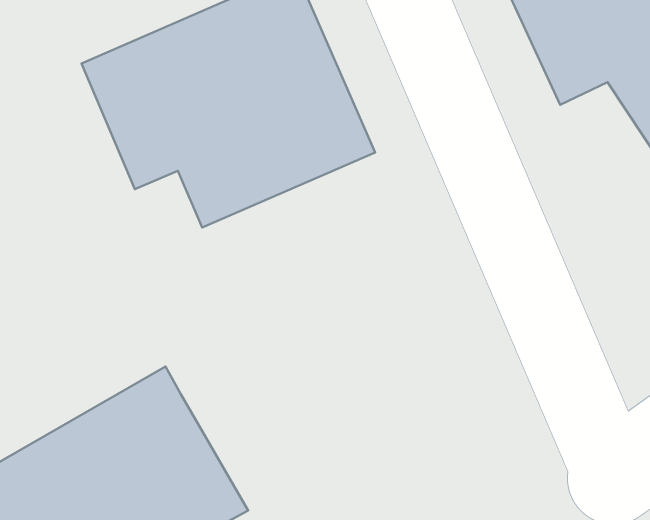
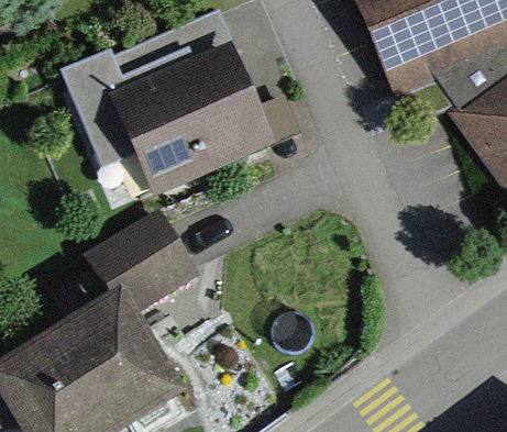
building: none -> [77,208,195,312]

